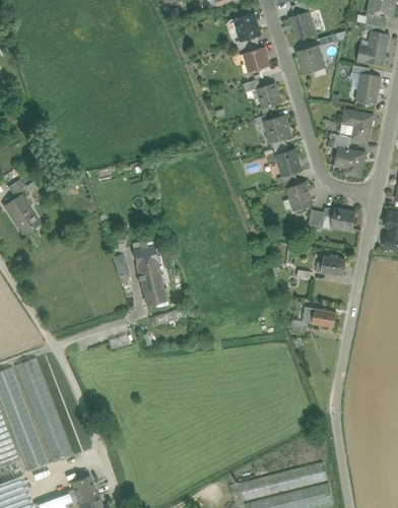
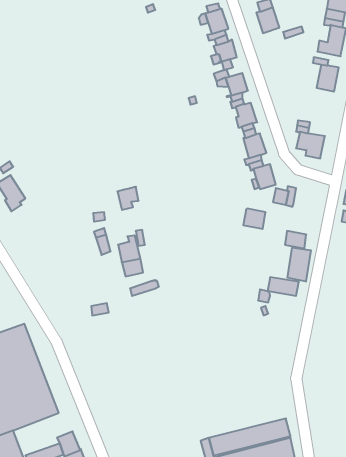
building: [297,46,323,74] -> none
building: [339,110,373,141] -> none
building: [330,208,354,231] -> [243,209,266,229]
building: [133,246,156,271] -> [117,187,139,210]
building: none -> [288,248,311,282]

